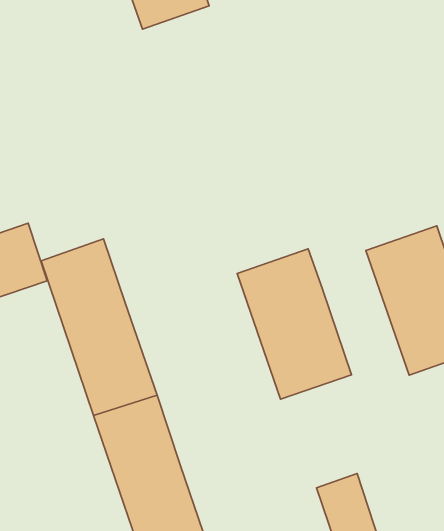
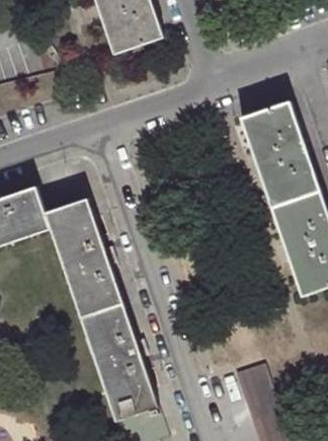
building: [237,249,352,399] -> [240,101,320,207]

